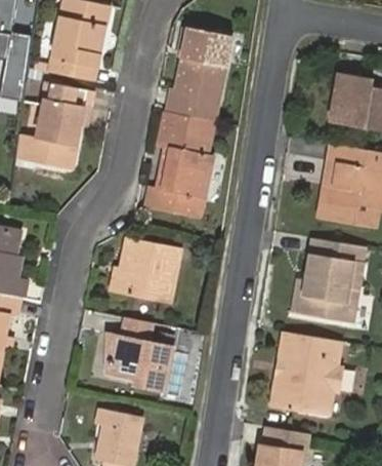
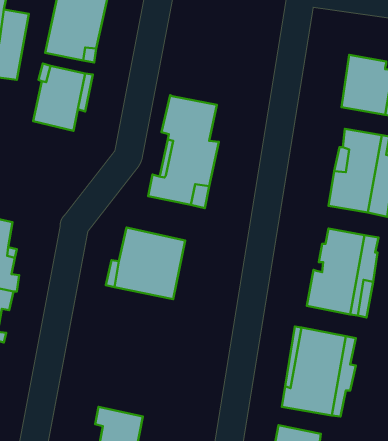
building: [169,30,228,121] -> none
building: [33,137,76,165] -> none
building: [105,318,170,391] -> none

